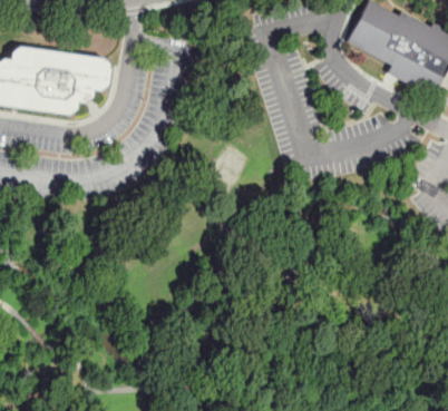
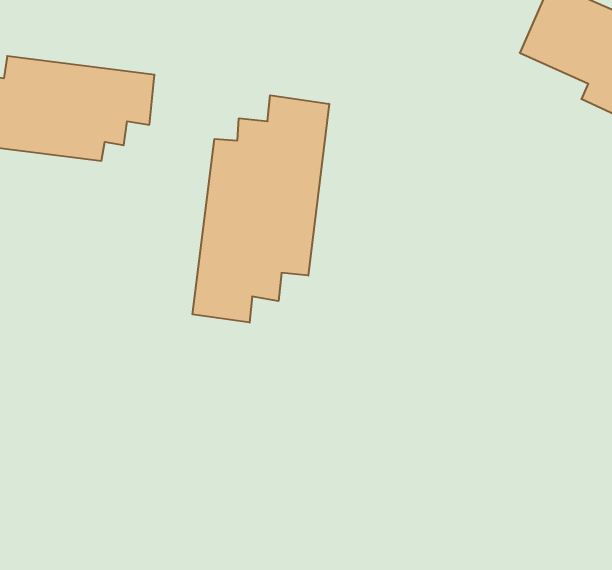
building: none -> [193,95,329,323]

